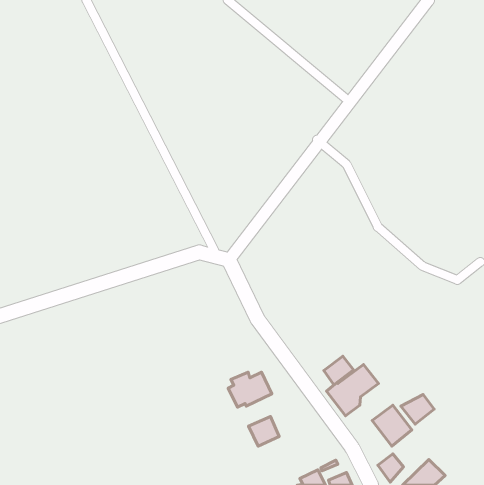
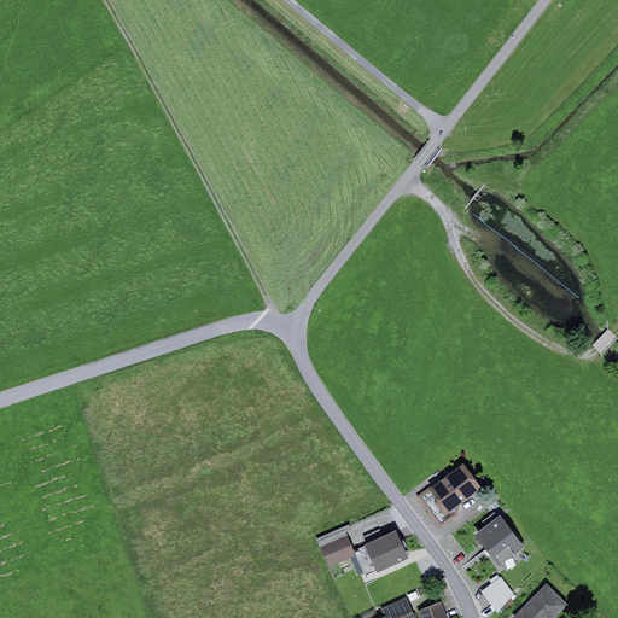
building: [324,356,353,385] -> none
building: [228,372,272,407] -> [354,530,409,575]
building: [401,394,434,424] -> none

